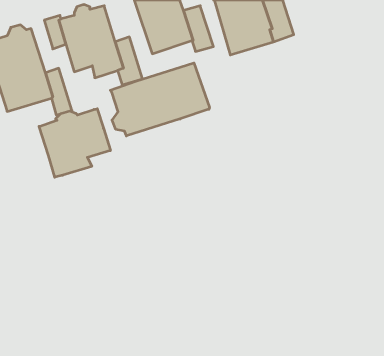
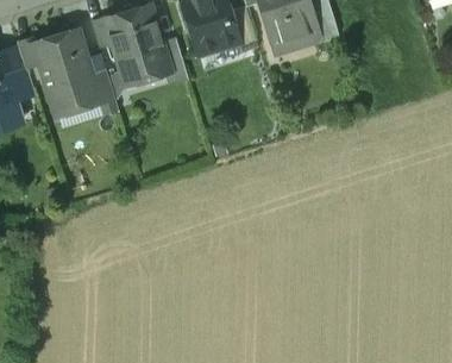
building: [110,63,209,136] -> none
building: [39,109,110,177] -> none

